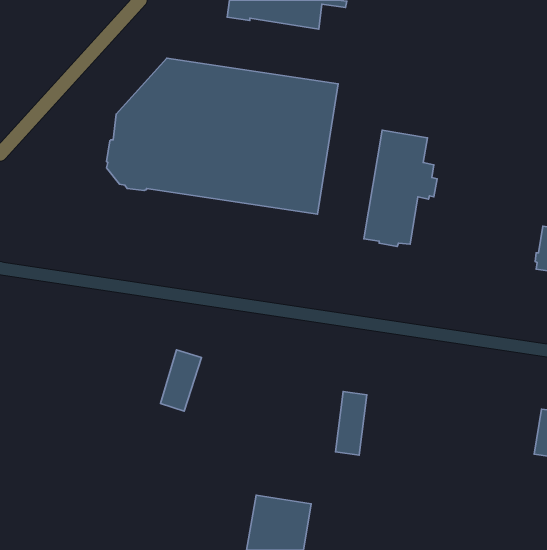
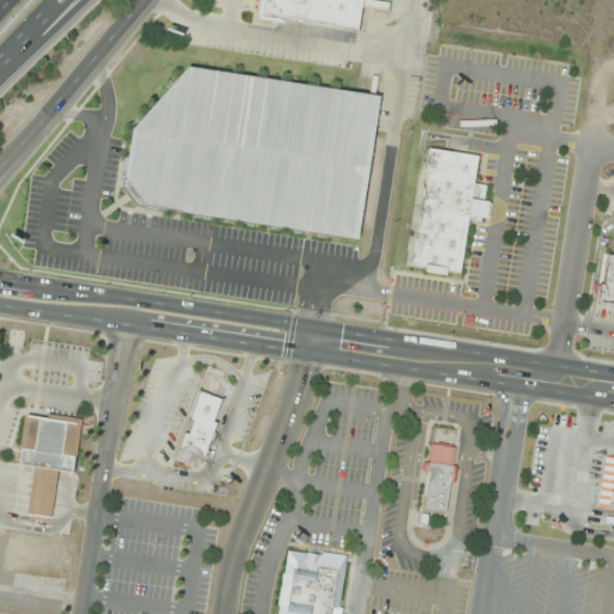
building: none -> [20,414,84,520]
building: [336,392,367,455] -> [425,444,459,514]

